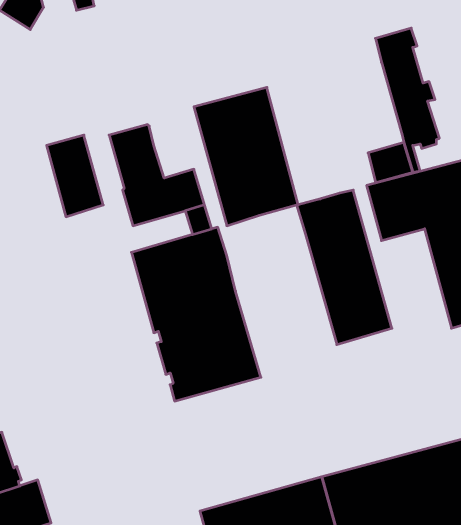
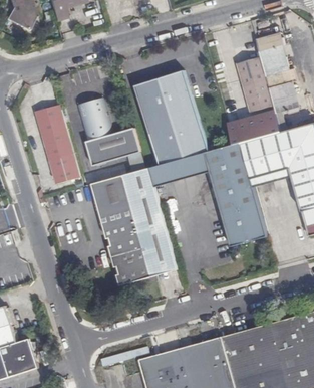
building: none -> [236,55,274,111]
building: none -> [226,117,256,144]
building: none -> [47,152,79,184]
building: none -> [149,152,209,186]

